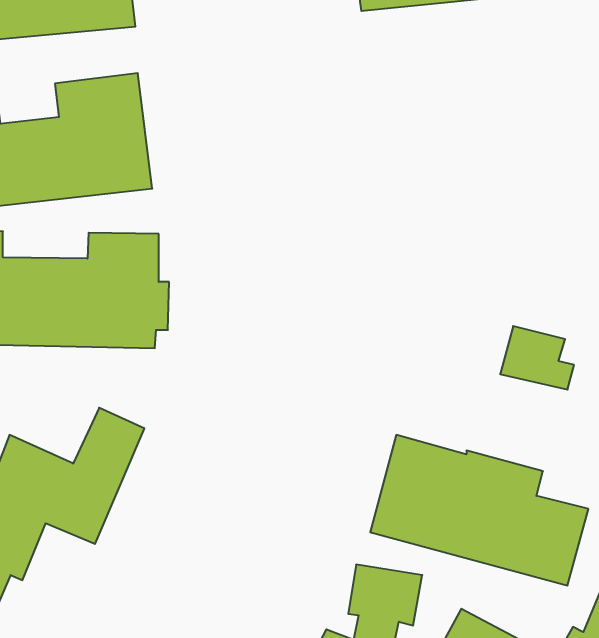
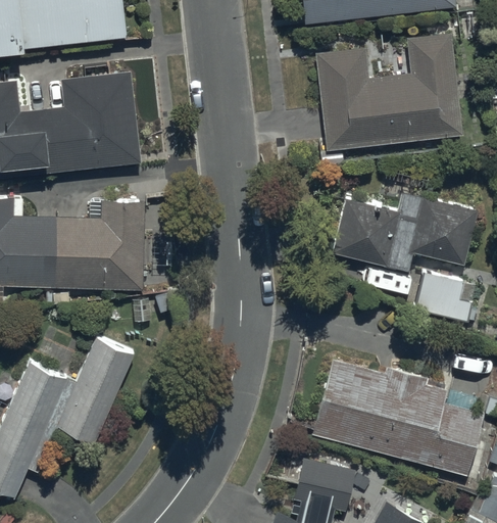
building: none -> [315,34,461,148]
building: none -> [330,191,476,272]

